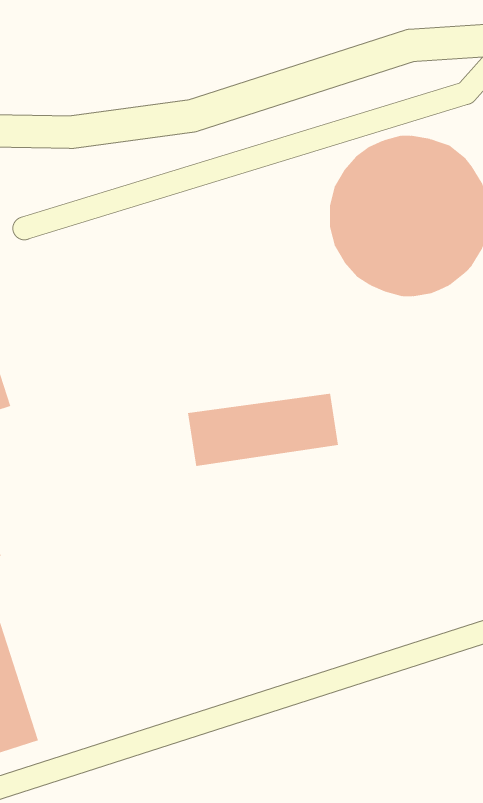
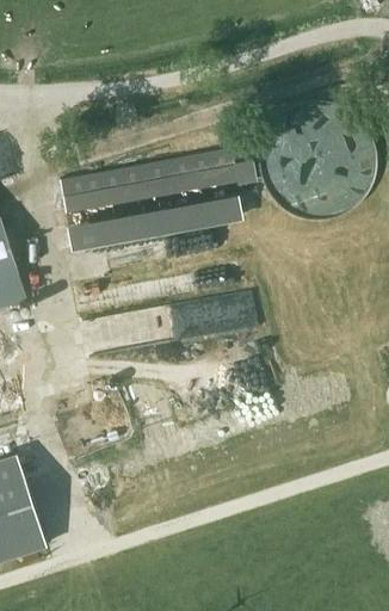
building: none -> [60,147,237,212]
building: none -> [67,192,243,251]

